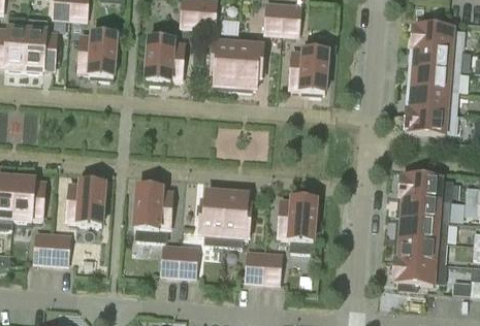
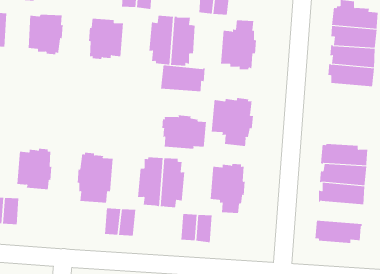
building: none -> [161,65,205,92]
building: [405,108,456,134] -> none
building: none -> [211,97,254,147]
building: none -> [162,115,207,149]
building: [394,238,447,263] -> none

